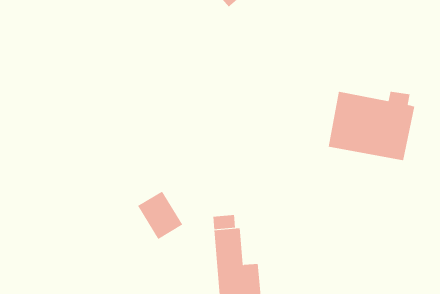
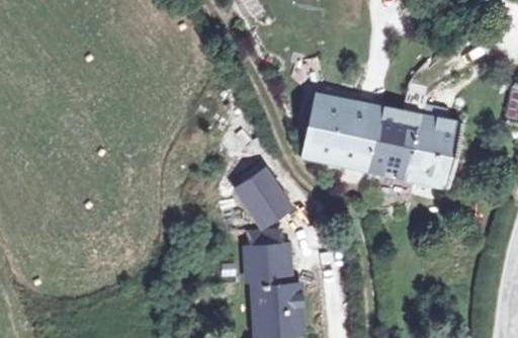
building: none -> [307,97,380,168]
building: [137,191,183,240] -> [238,175,287,228]

